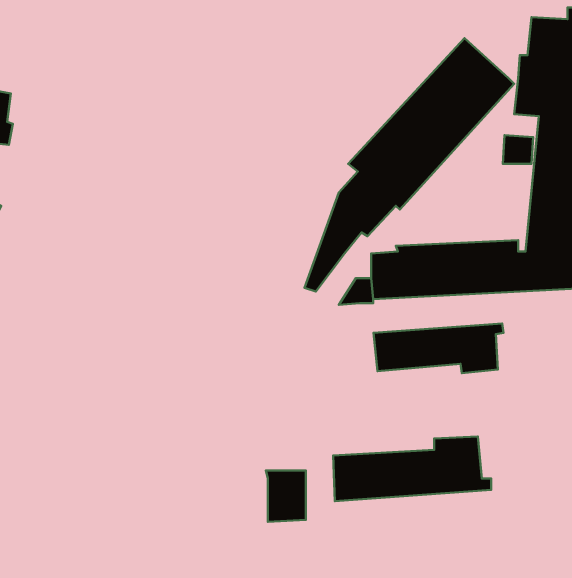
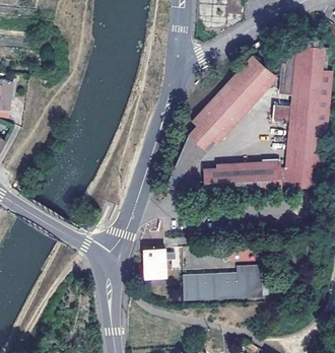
building: [373,323,503,373] -> none
building: [266,470,306,522] -> [143,250,164,277]

